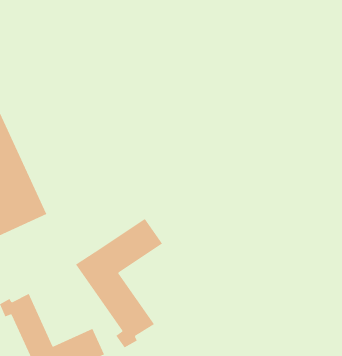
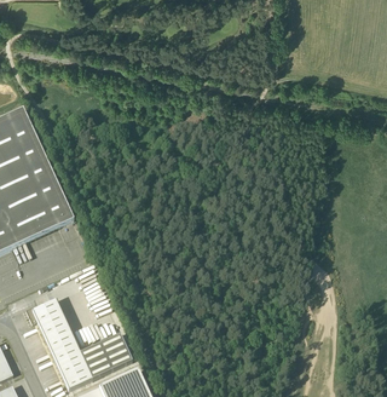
building: [75,218,163,348] -> none

